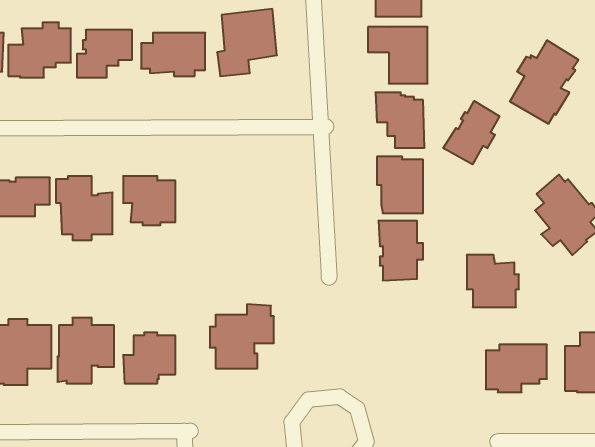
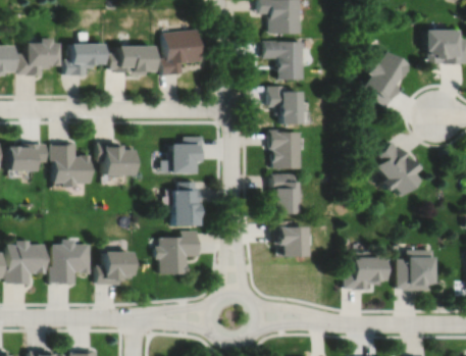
building: [443,101,499,164] -> none
building: none -> [168,137,204,173]
building: none -> [173,182,203,225]
building: [467,255,519,307] -> [274,221,310,257]

